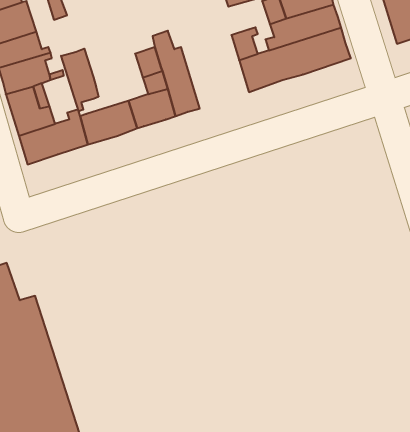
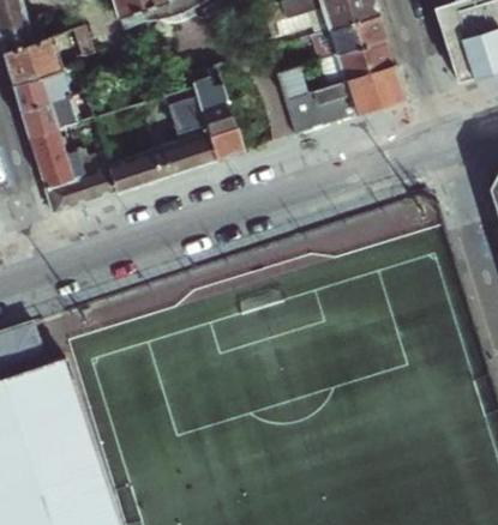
building: [61,49,98,112] -> none

